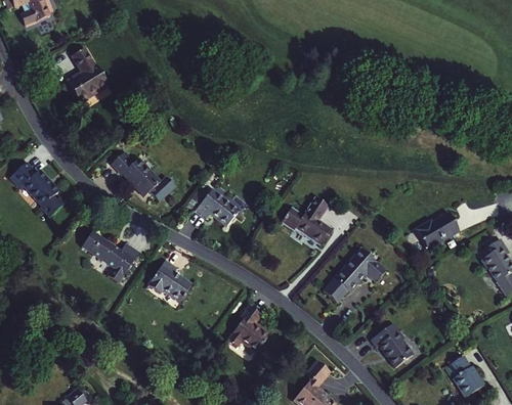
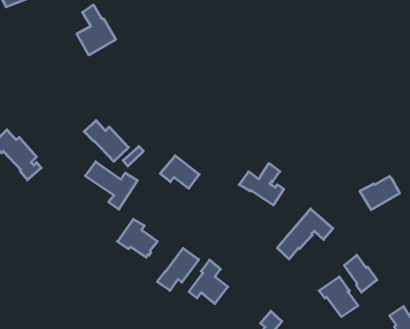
building: [66,48,109,103] -> [77,5,116,55]
building: [81,231,138,283] -> [85,162,137,209]
building: none -> [157,248,199,291]
building: none -> [344,255,377,292]

